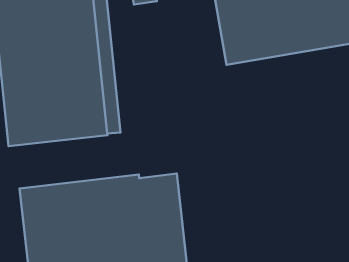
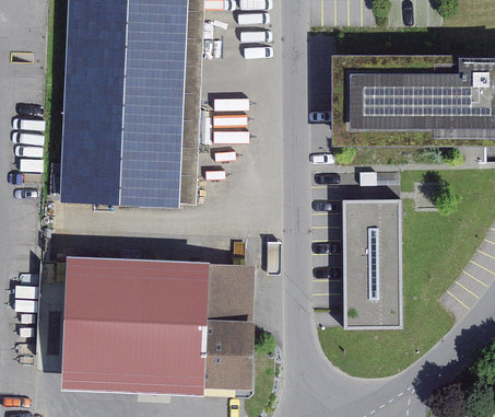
building: none -> [342,199,402,331]

